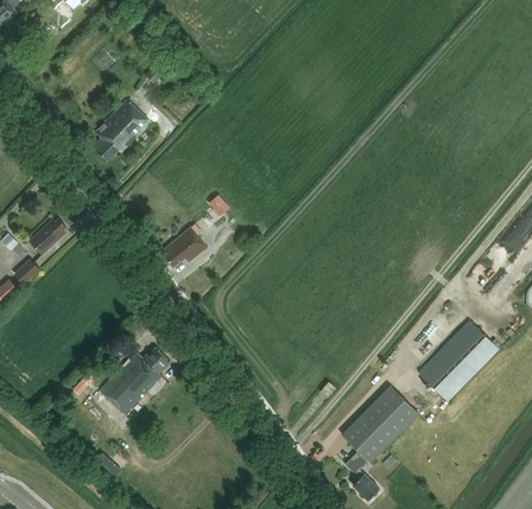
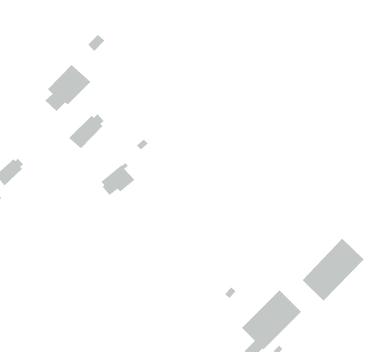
building: none -> [68,114,105,149]
building: [99,348,169,415] -> none

